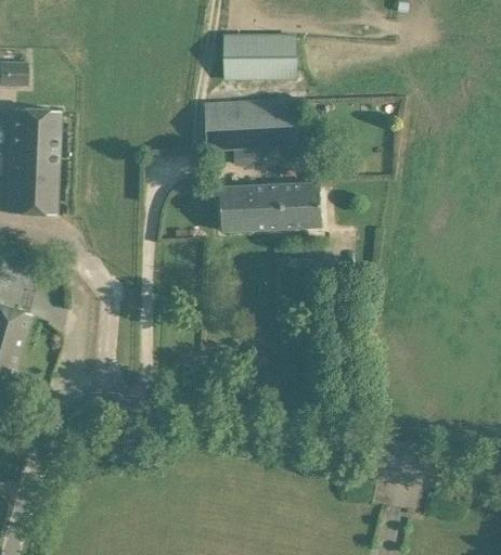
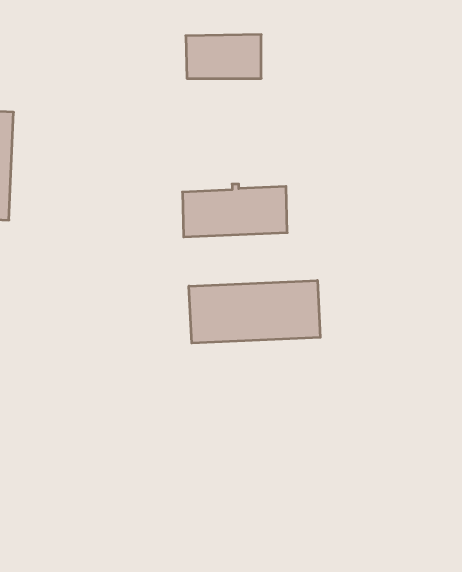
building: [205,99,296,149] -> none
building: none -> [189,280,320,343]

